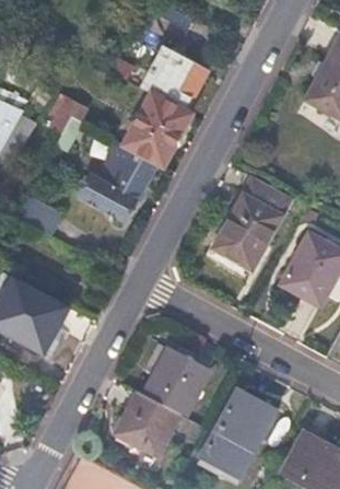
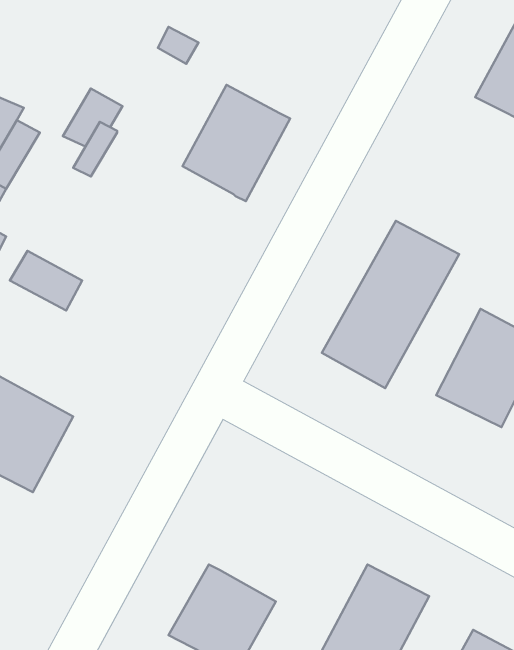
building: [140,48,204,110] -> none
building: [80,139,155,220] -> none
building: [145,346,211,417] -> none

